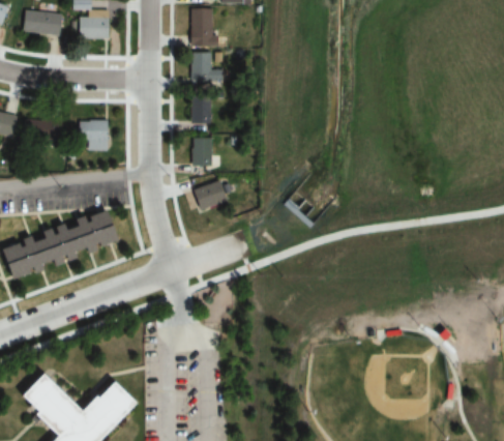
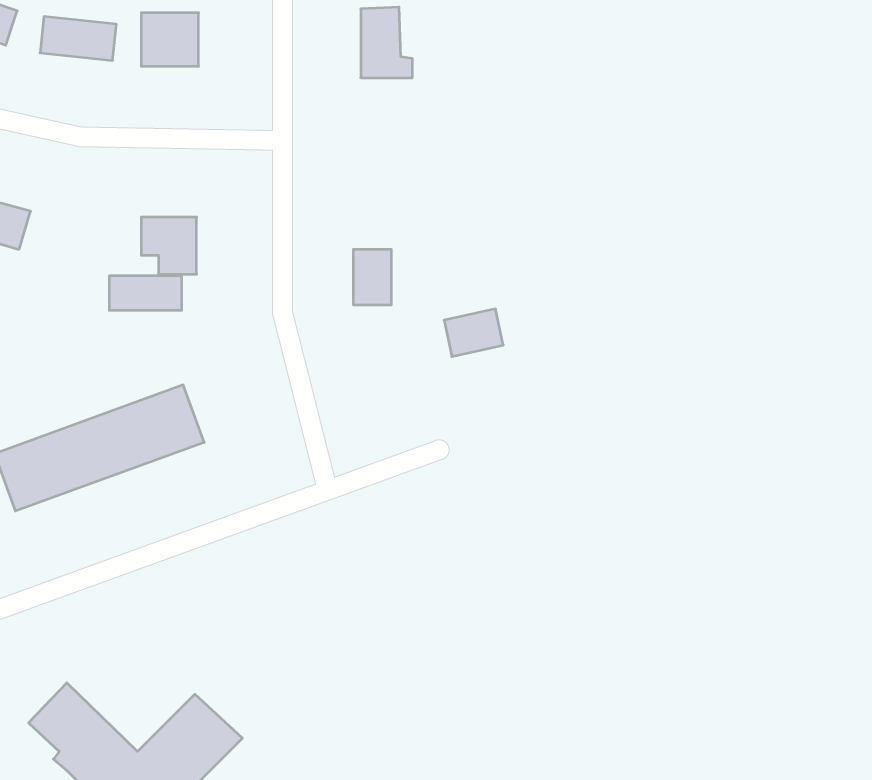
building: [191,53,224,82] -> none
building: [190,98,213,129] -> none
building: [24,120,63,139] -> [109,276,182,310]
building: [192,183,225,209] -> [444,309,503,357]

